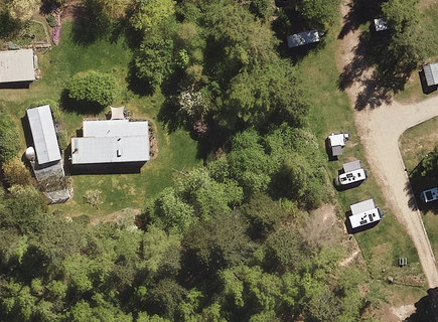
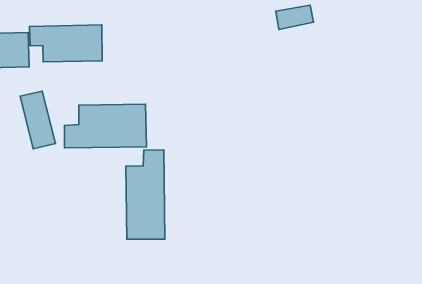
building: none -> [29,25,102,62]
building: none -> [126,150,165,239]

